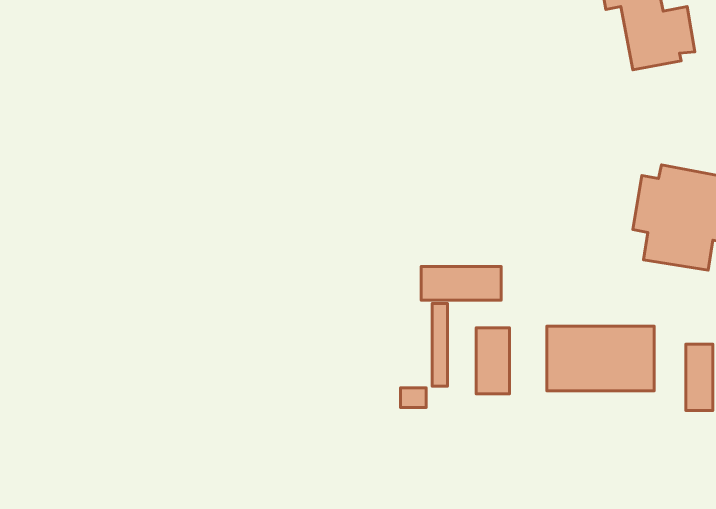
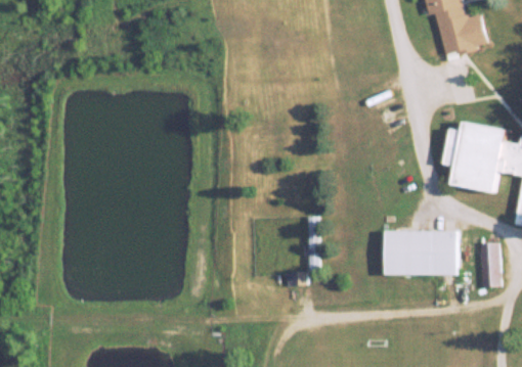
building: [421,267,501,300] -> none
building: [476,328,510,394] -> none

